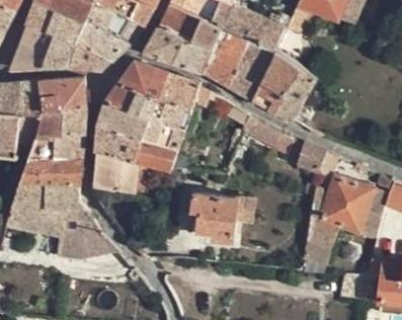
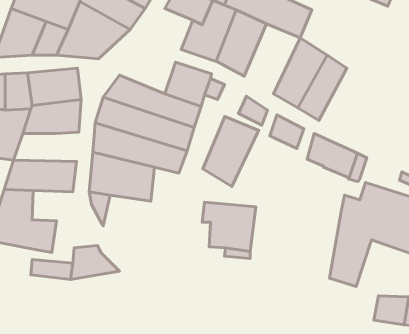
building: [145,25,183,61] -> none
building: [228,38,276,99] -> [203,116,259,186]
building: [119,62,168,99] -> none
building: [27,133,84,158] -> none
building: [44,183,84,211] -> none

